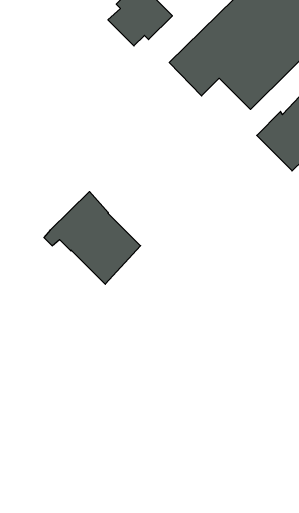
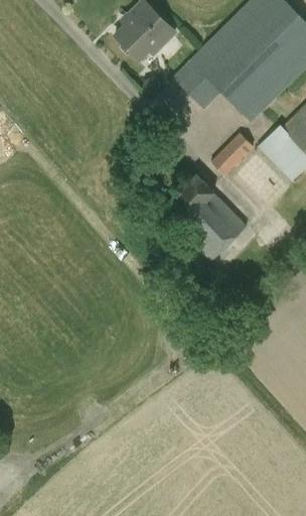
building: none -> [209,133,254,177]
building: [44,192,141,284] -> [152,172,246,262]

